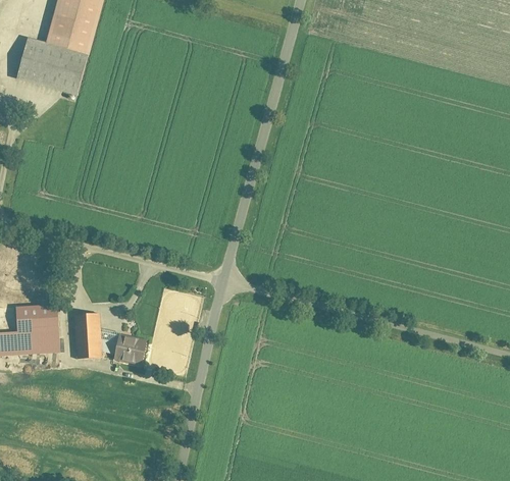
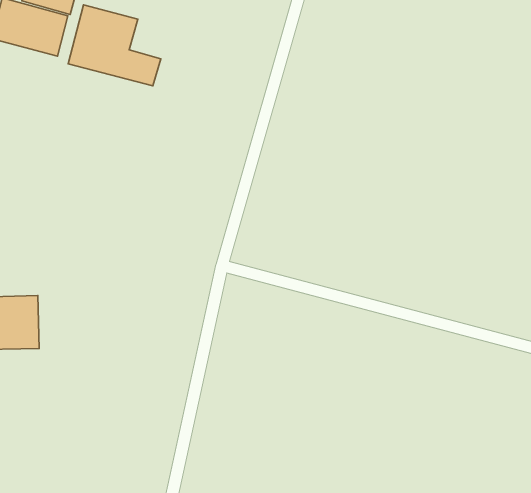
building: none -> [68,5,161,86]
building: [75,313,148,366] -> none

